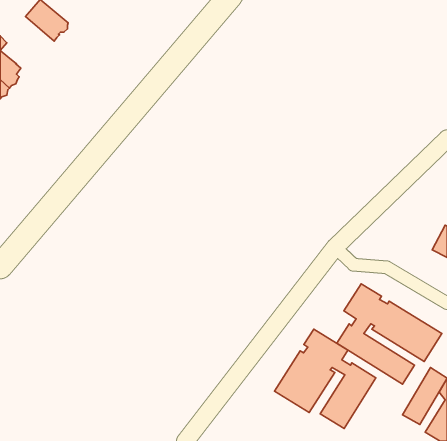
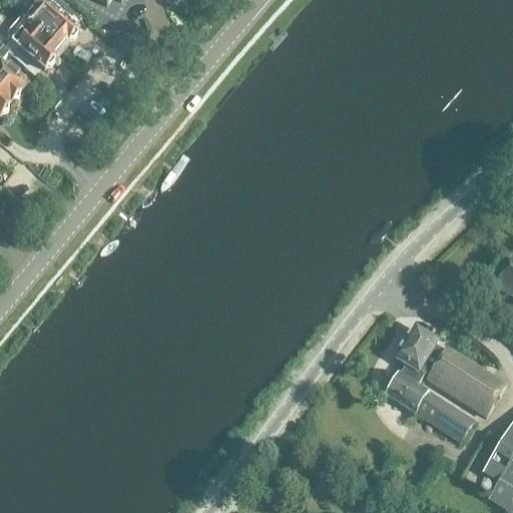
building: none -> [12,19,62,66]
building: [275,329,376,429] -> none

